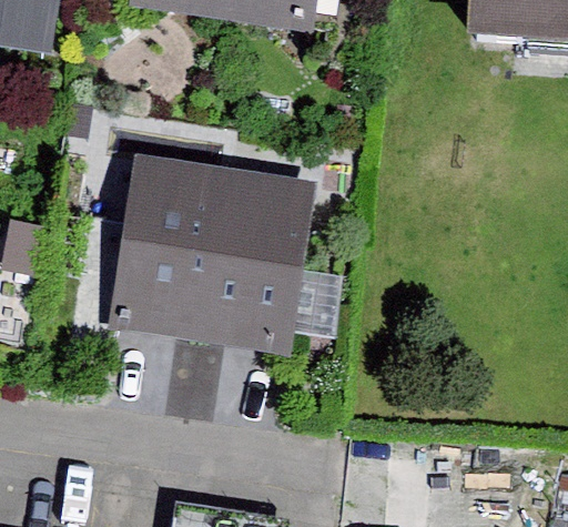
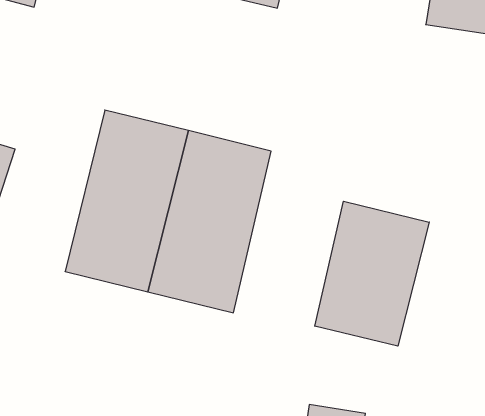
building: none -> [315,201,429,346]

